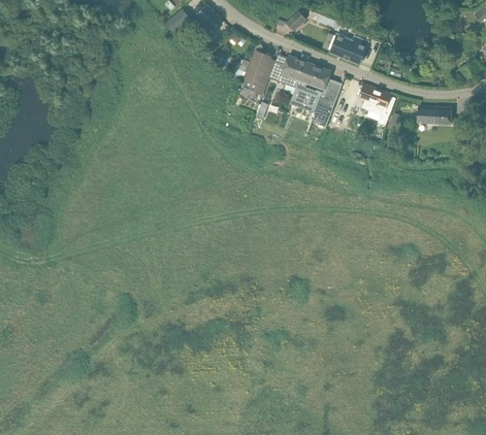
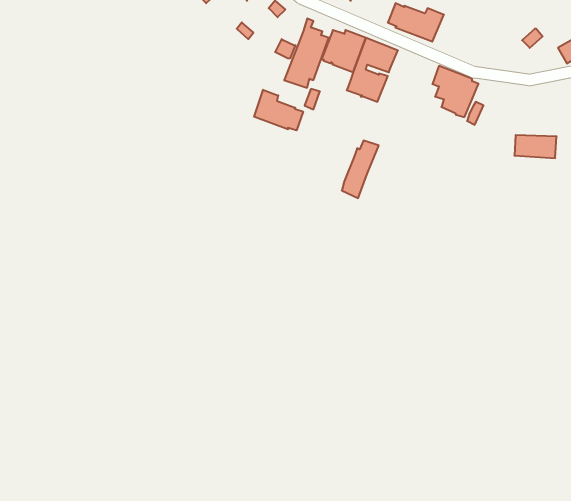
building: [313,79,343,126] -> [342,141,379,198]
building: none -> [254,90,303,130]
building: [417,106,451,125] -> [514,135,557,158]

